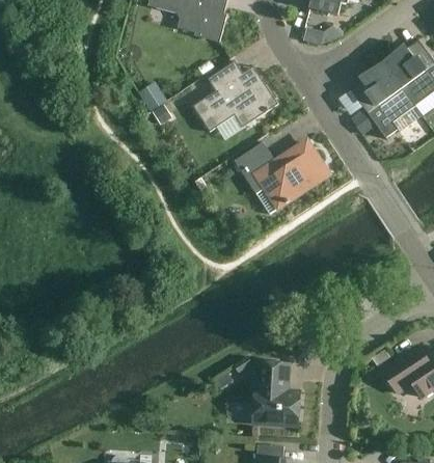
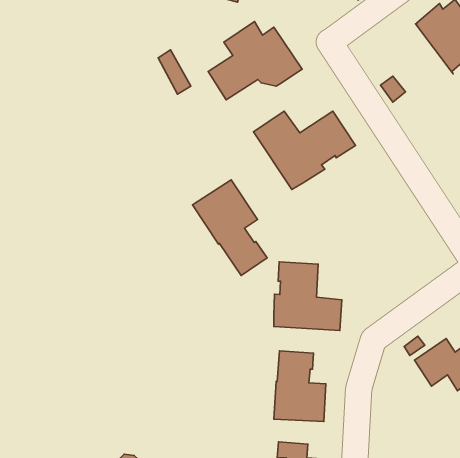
building: [348,62,416,140] -> none
building: none -> [192,180,267,276]
building: none -> [274,262,342,330]

